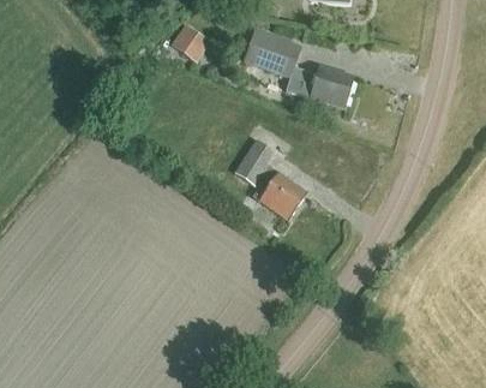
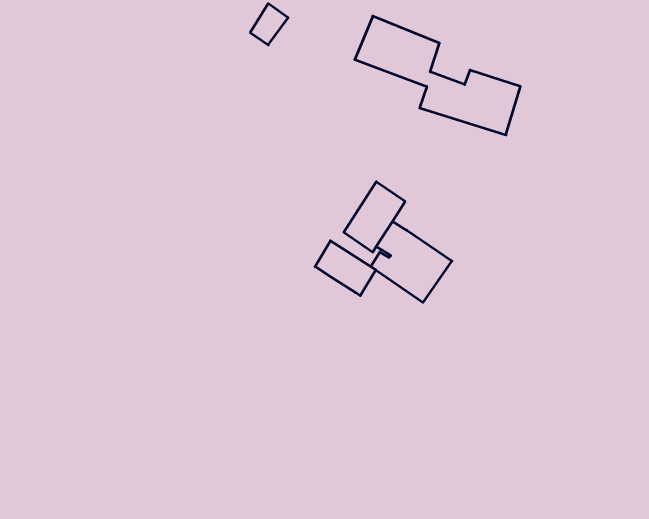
building: none -> [315,241,376,296]

